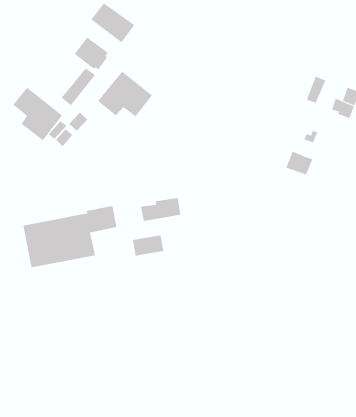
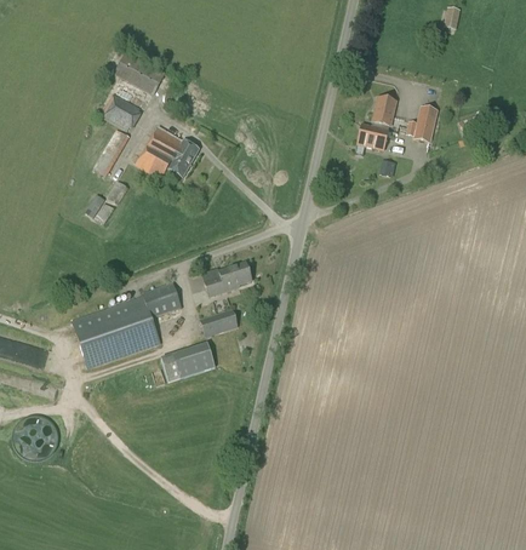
building: [12,87,63,141] -> none
building: [285,151,313,175] -> [358,124,388,149]
building: none -> [161,343,216,382]

